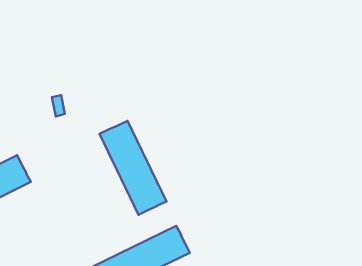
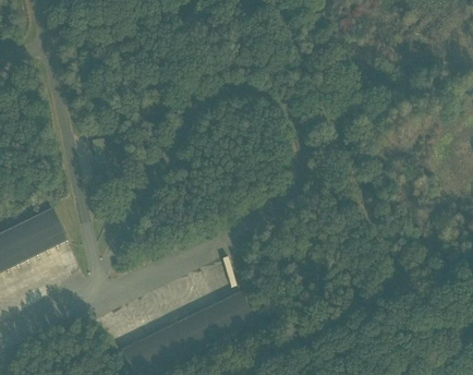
building: [99,121,166,215] -> none

